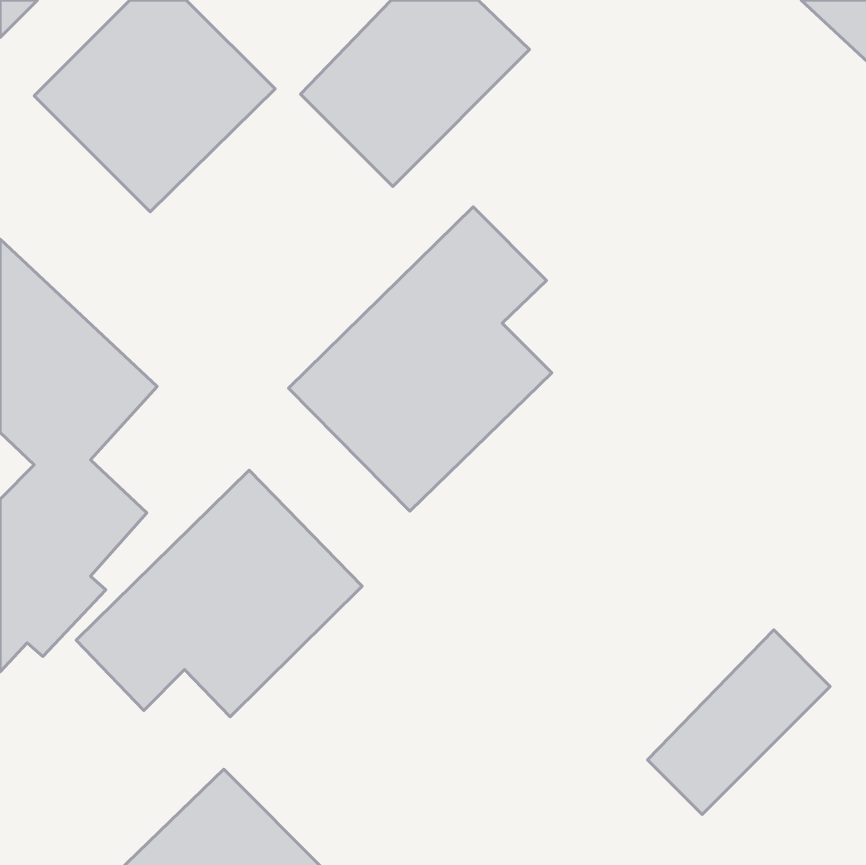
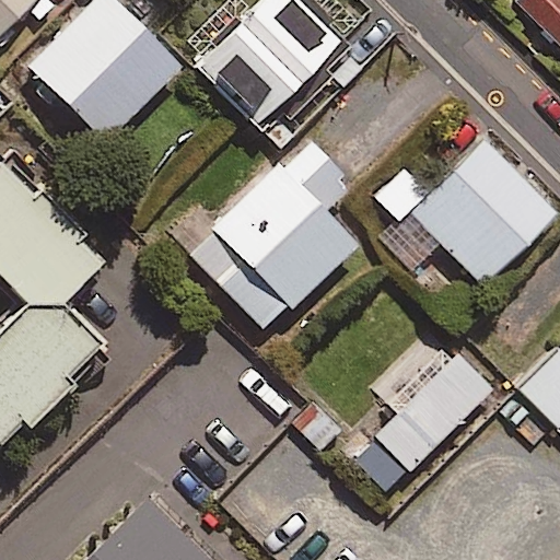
building: none -> [374,142,555,284]
building: [76,470,362,717] -> none
building: [647,630,830,815] -> [375,354,492,472]

